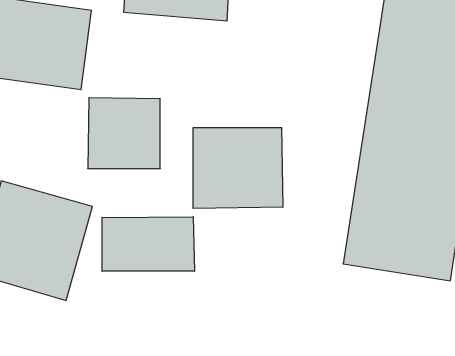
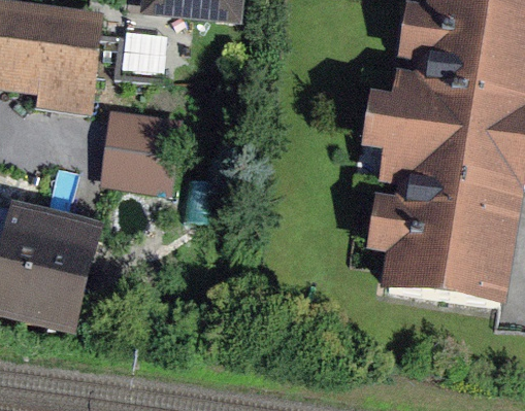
building: [193,128,283,208] -> none
building: [102,217,194,271] -> none

